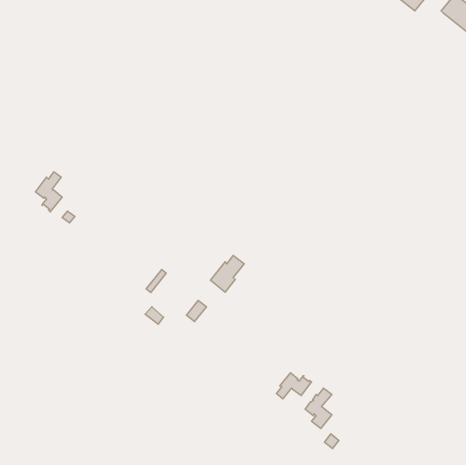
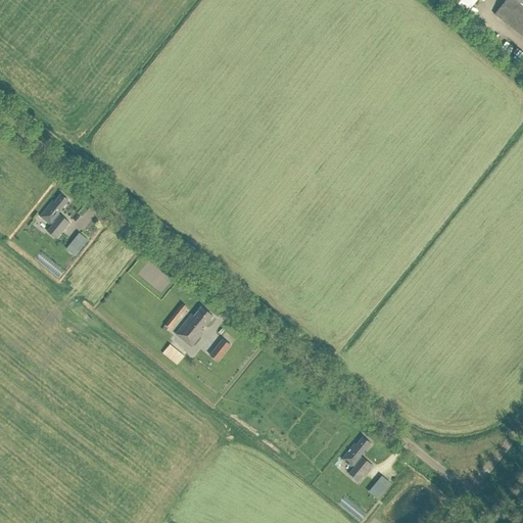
building: [210,256,244,292] -> [176,304,213,345]
building: [276,373,311,399] -> none

